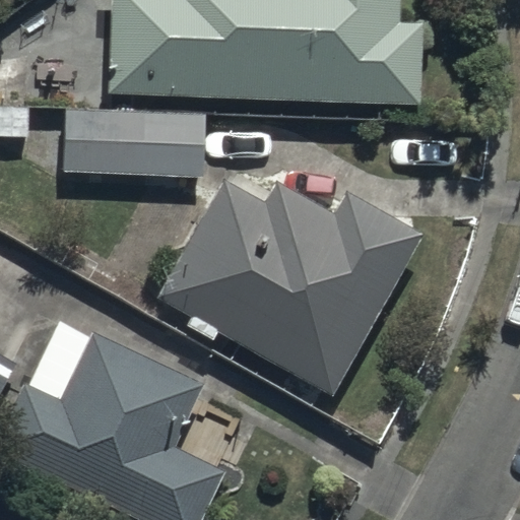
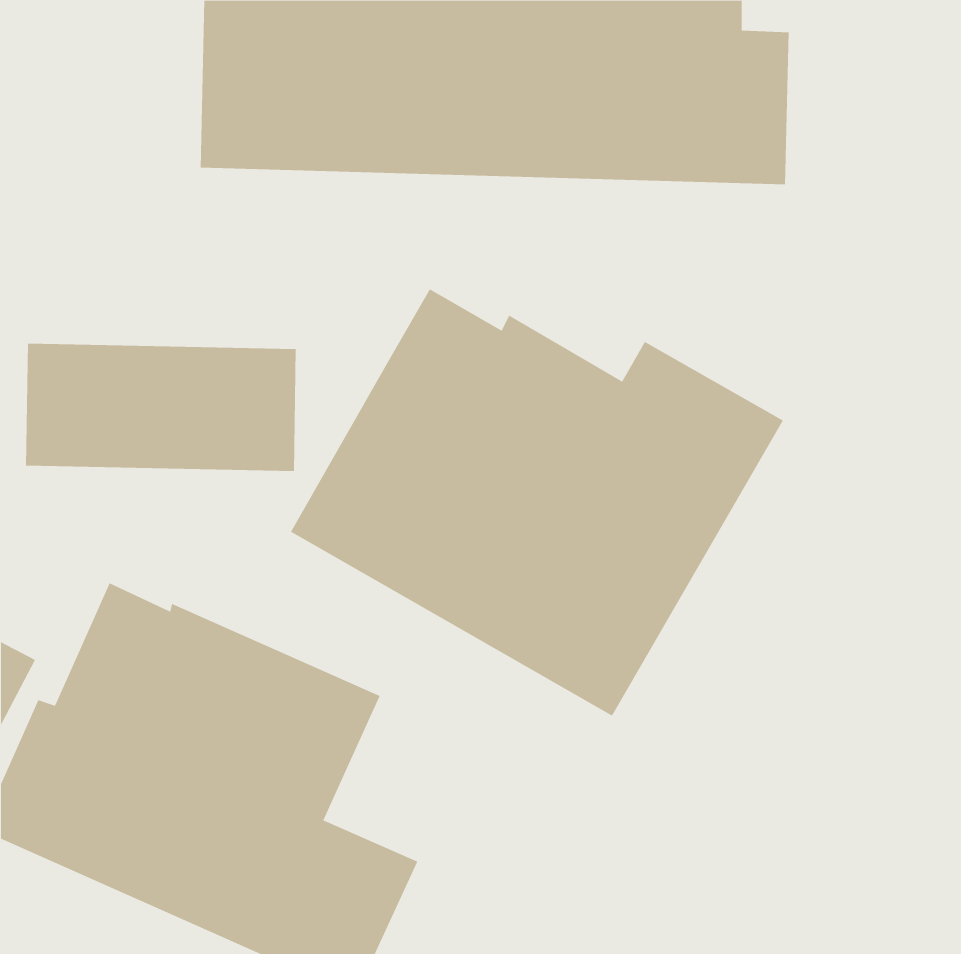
building: [59,111,205,180] -> [25,343,297,472]

